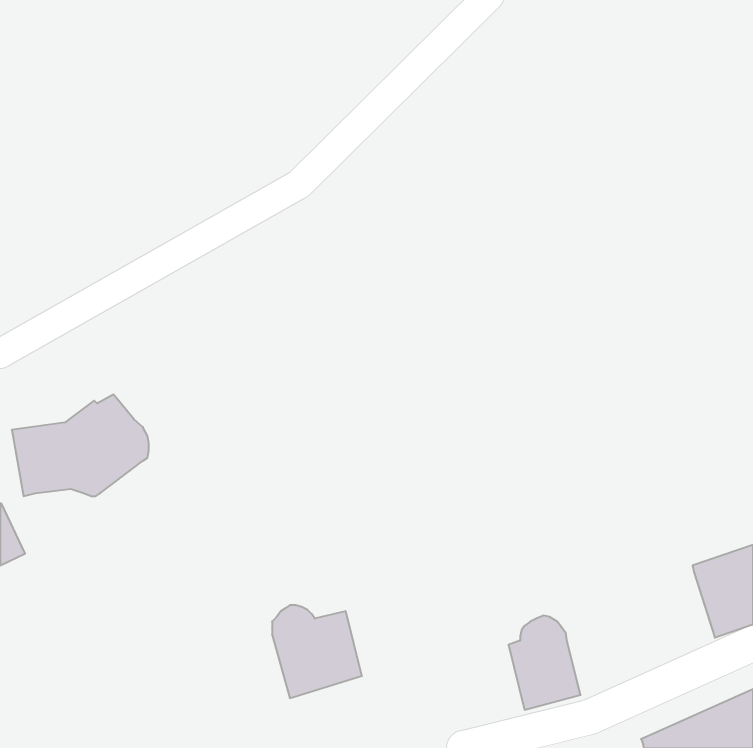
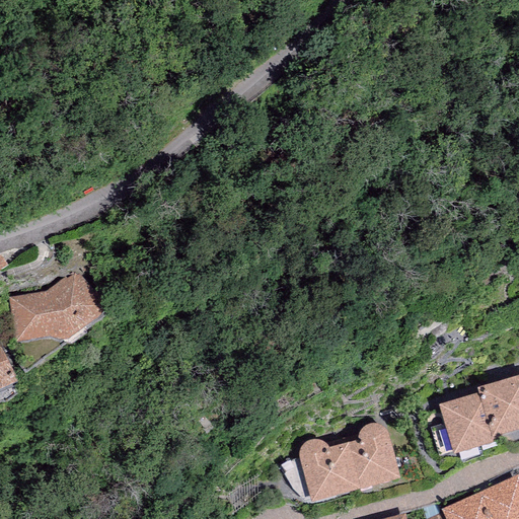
building: none -> [440,394,493,454]
building: [272,605,362,698] -> [299,440,361,504]

